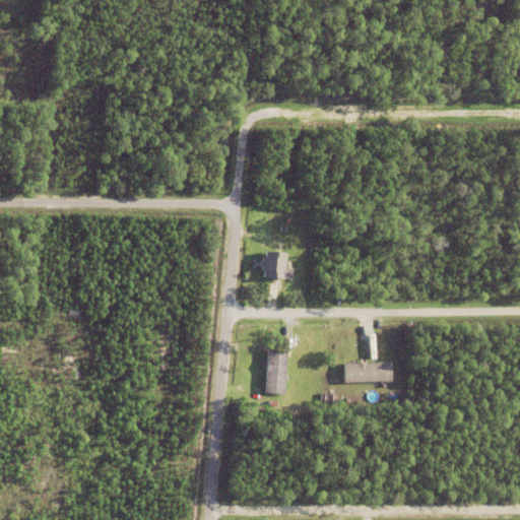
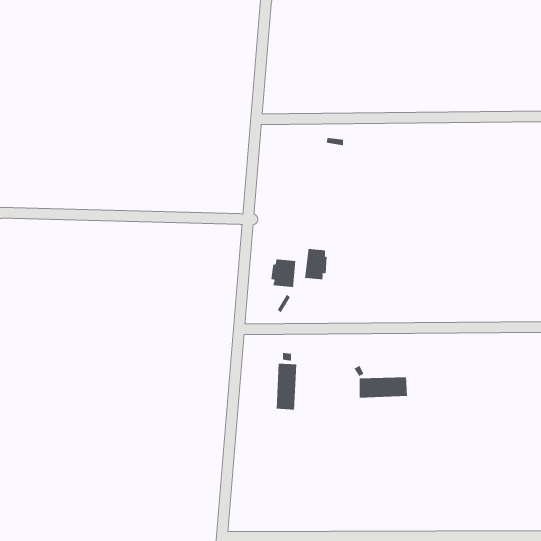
building: none -> [305,248,327,280]

